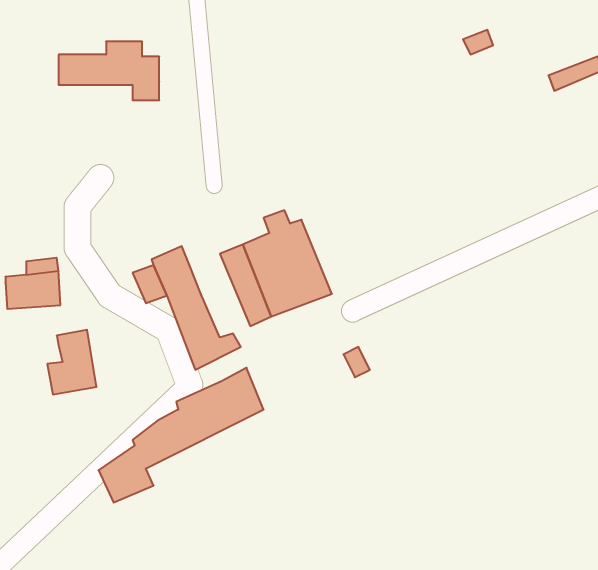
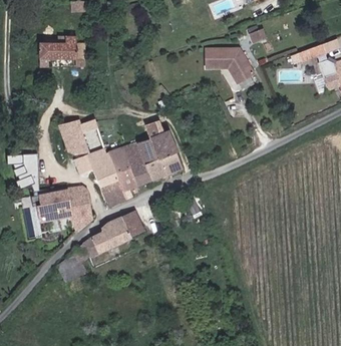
building: none -> [206,47,253,82]
building: none -> [57,120,101,156]
building: none -> [105,148,137,193]
building: none -> [51,182,92,231]

